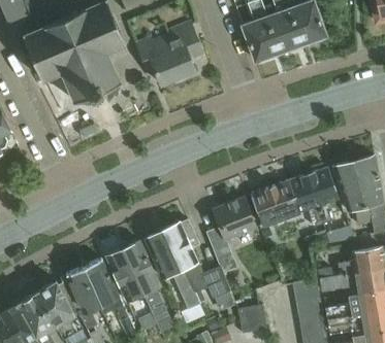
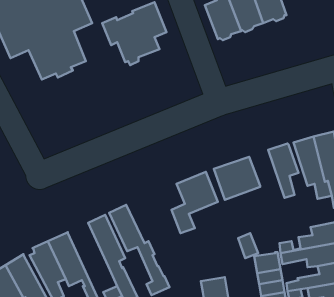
building: [288,174,324,227] -> none
building: [162,220,230,304] -> none
building: [106,249,143,302] -> none

